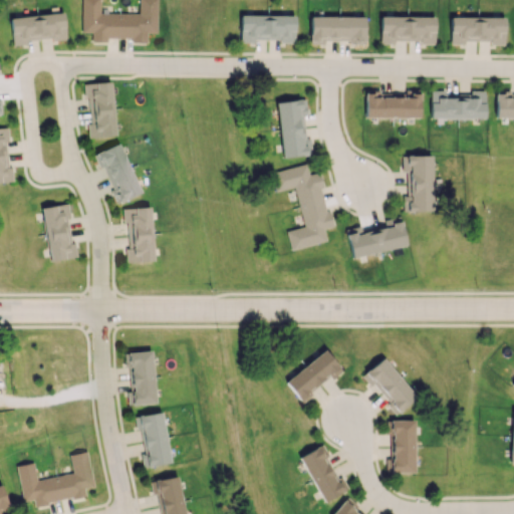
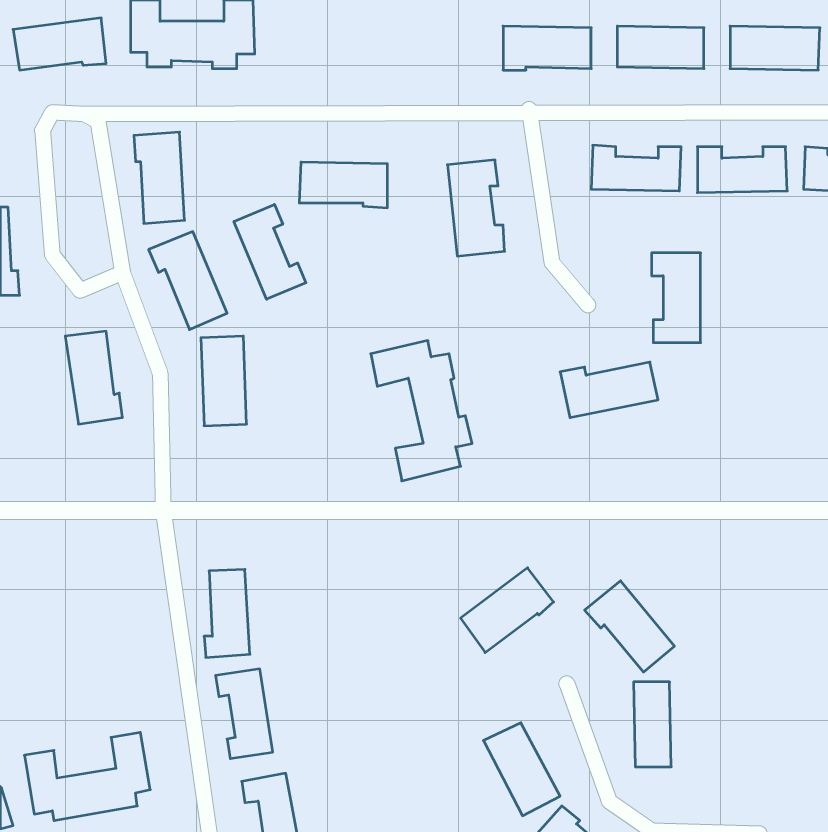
building: [243,16,297,44] -> [299,162,387,208]
building: none -> [234,204,306,299]
building: [274,165,336,251] -> [371,341,472,481]

